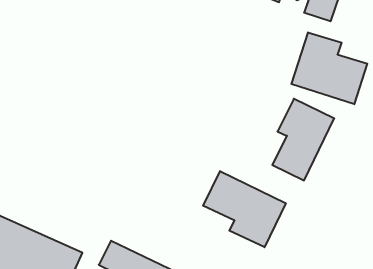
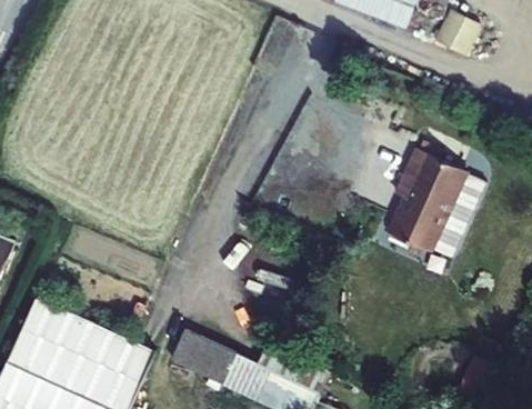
building: [291,32,367,104] -> none
building: [203,171,286,247] -> none

